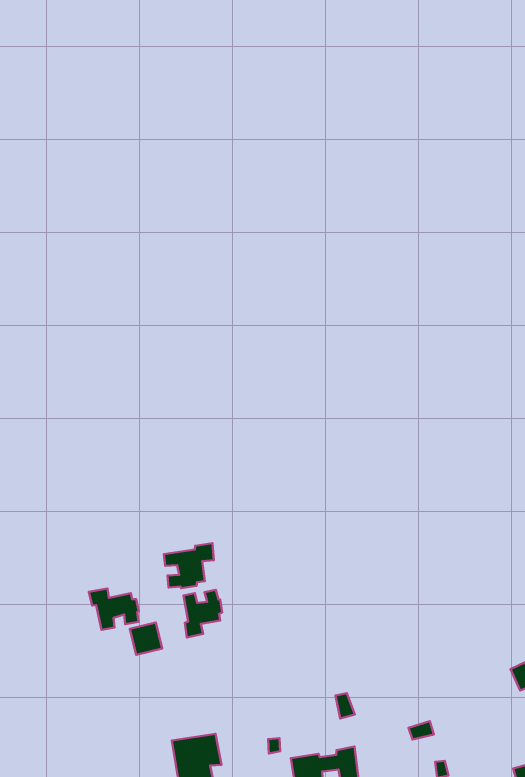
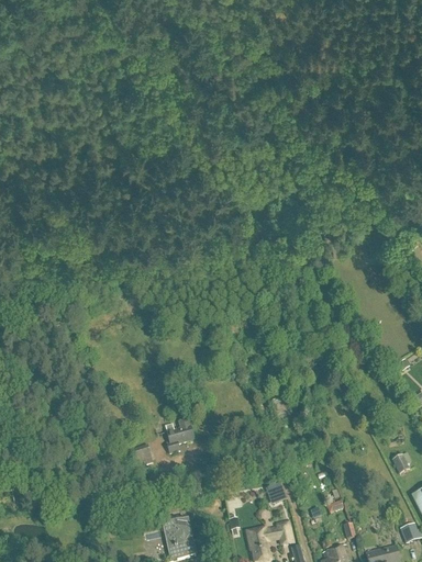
building: [164,543,214,588] -> none
building: [89,588,139,630] -> none

